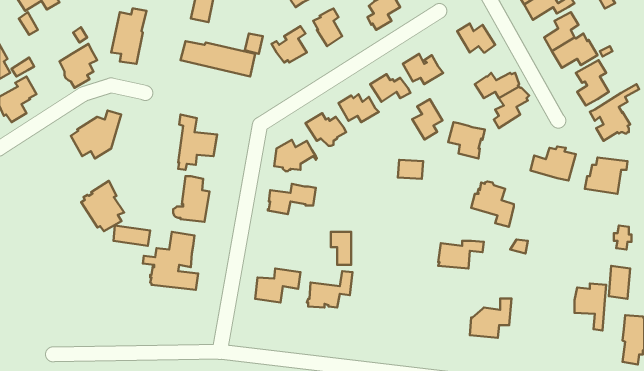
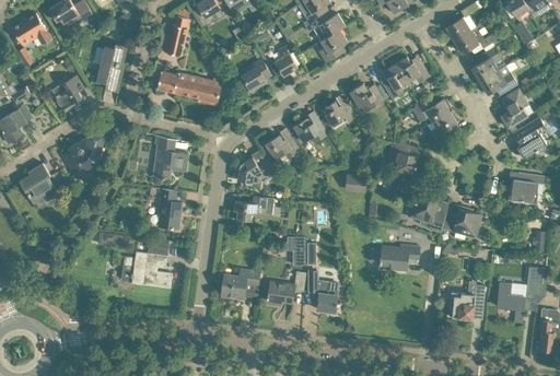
building: [412,99,442,139] -> [381,63,407,98]
building: [531,147,576,181] -> [442,208,481,237]
building: [81,181,124,231] -> [19,163,56,207]
building: none -> [308,271,339,312]
building: [470,299,512,338] -> [448,285,485,319]

